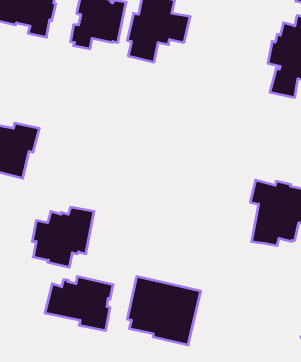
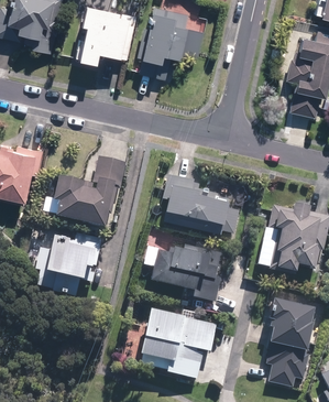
building: none -> [53,157,124,230]
building: none -> [161,175,239,237]
building: none -> [265,303,315,388]
building: [45,277,113,330] -> [150,246,222,303]

